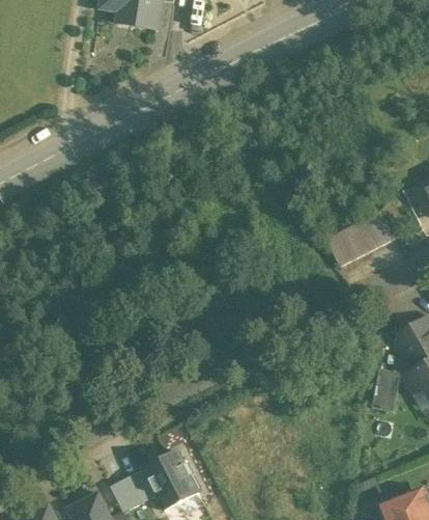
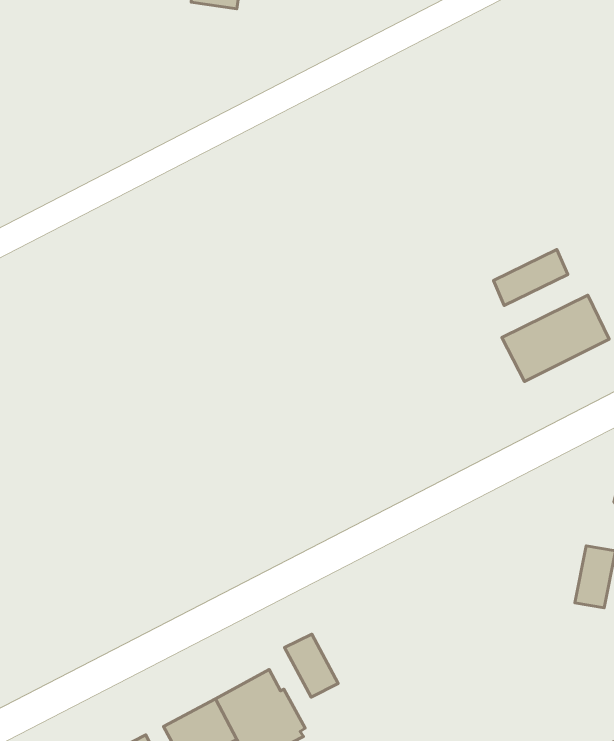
building: none -> [493,250,568,306]
building: none -> [285,634,338,697]

